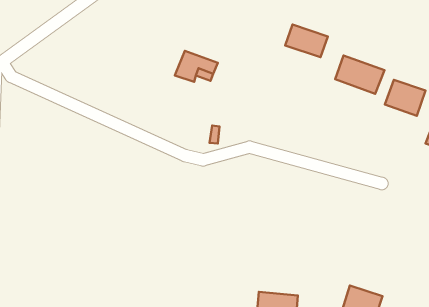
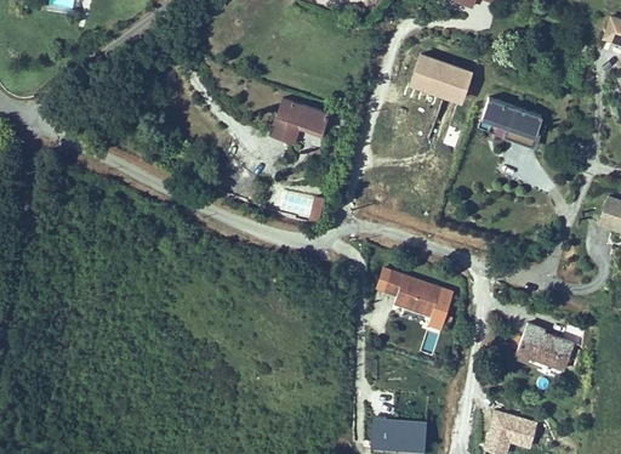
building: [385,80,425,116] -> none
building: none -> [388,272,441,314]
building: none -> [513,319,571,365]

